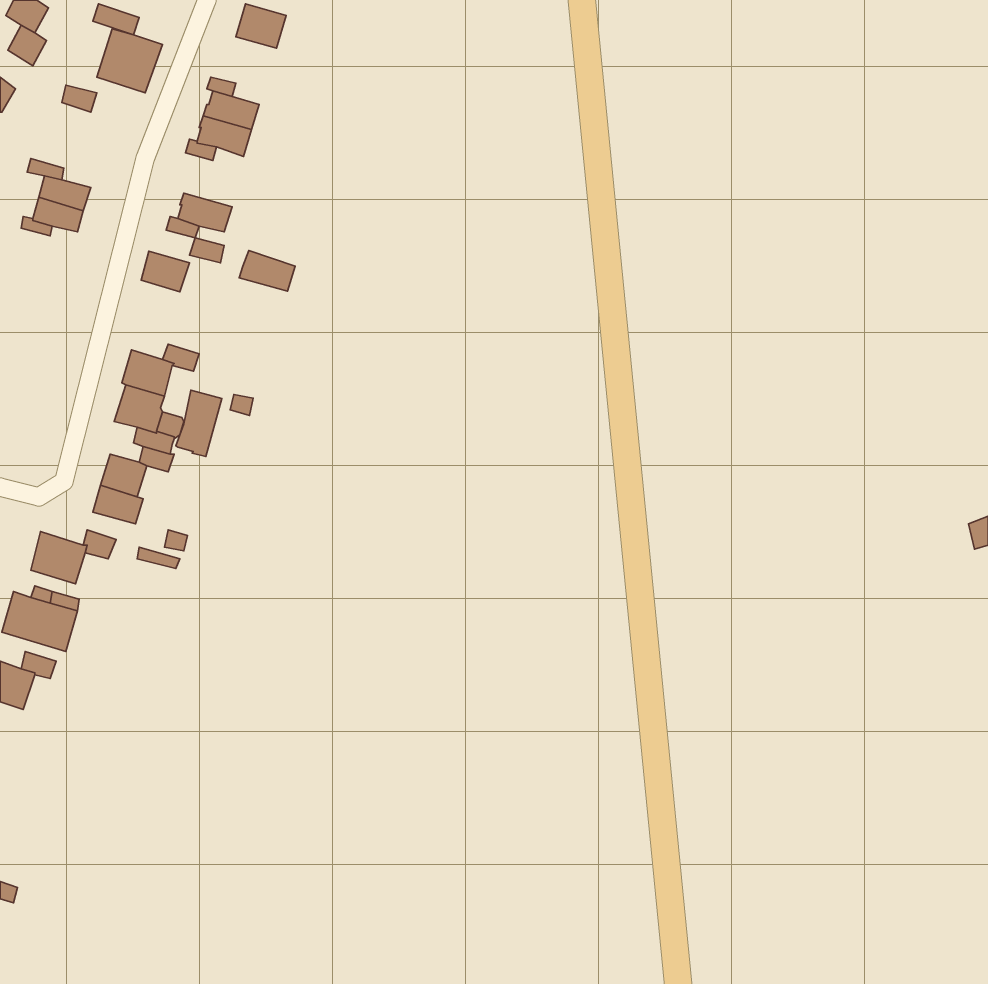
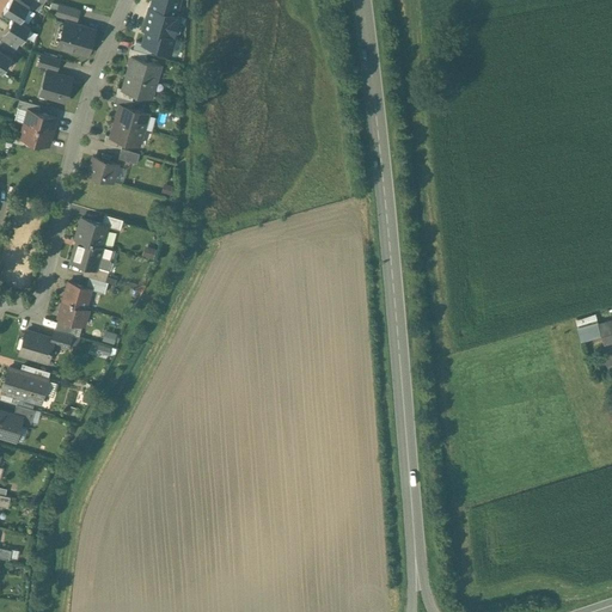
building: none -> [140,25,171,53]
building: none -> [41,73,72,103]
building: [239,251,295,291] -> [114,105,148,130]
building: [176,390,222,456] -> none

